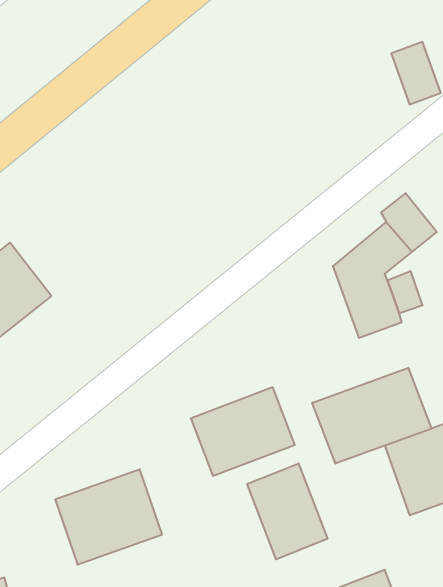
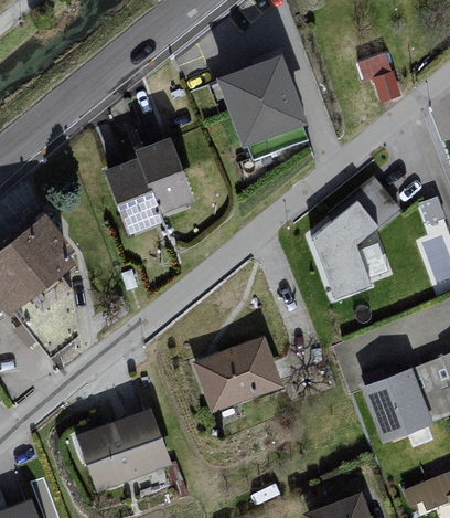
building: none -> [217,52,307,142]
building: none -> [98,140,188,239]
building: [312,368,431,464] -> none
building: [247,463,327,559] -> none

